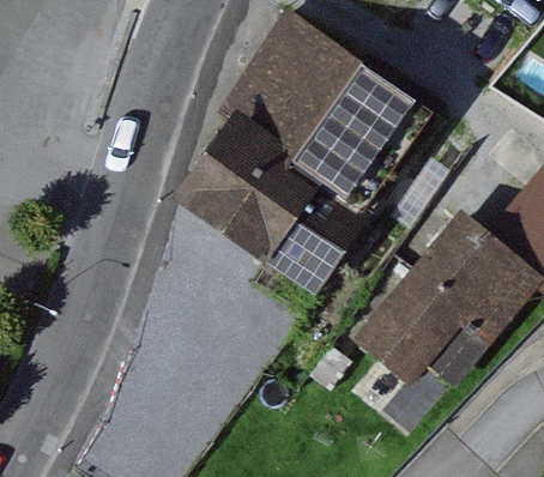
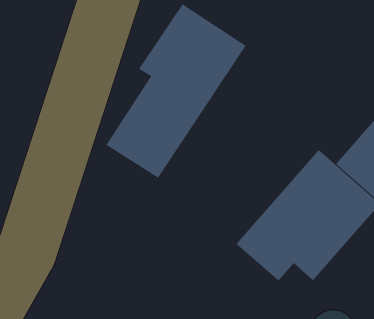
building: [250,73,429,290] -> none

